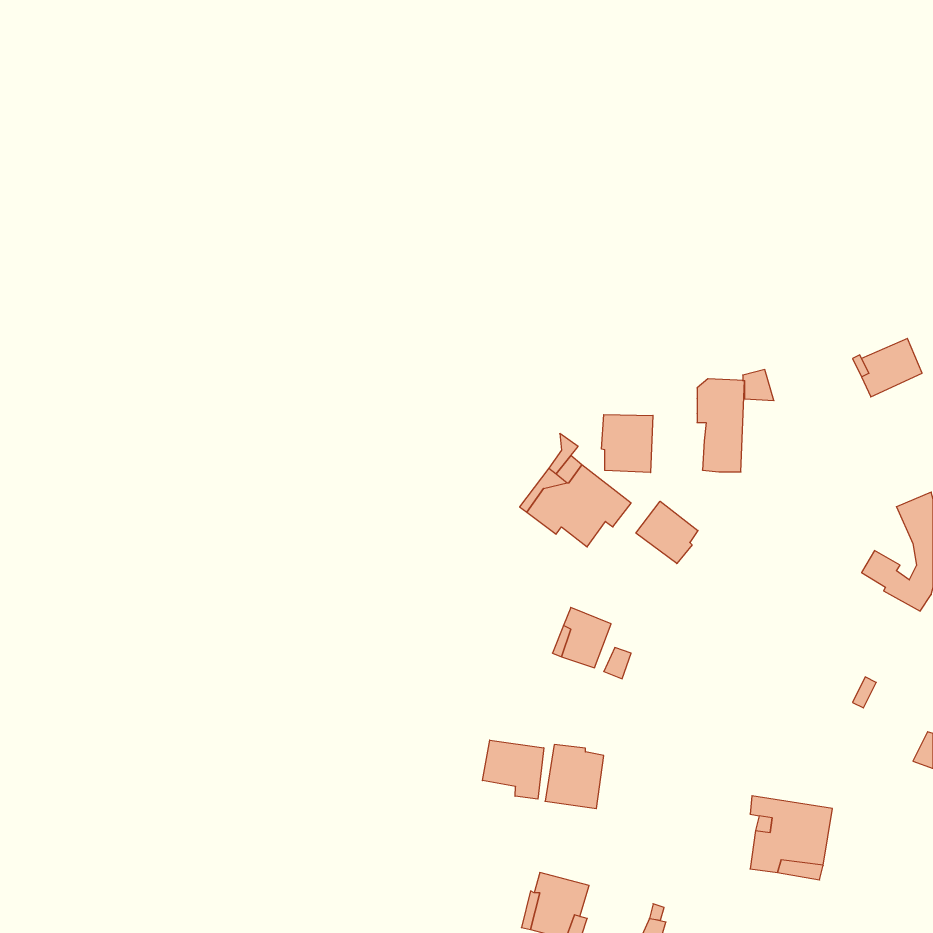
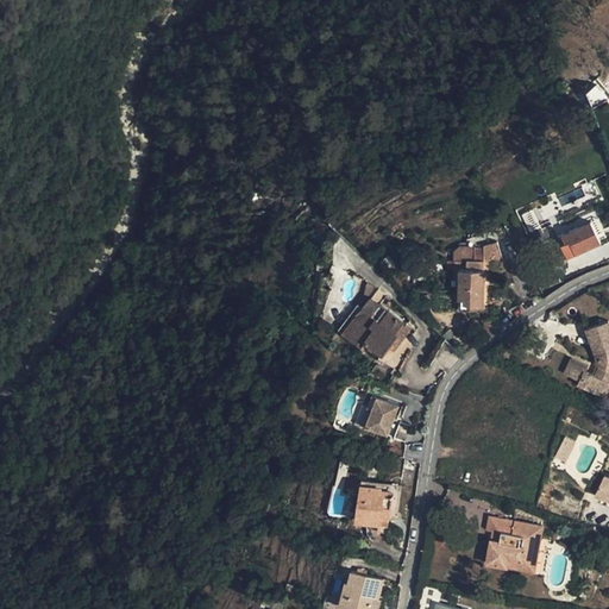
building: [602,415,653,473] -> none
building: [636,501,698,564] -> none
building: [482,740,544,799] -> none

